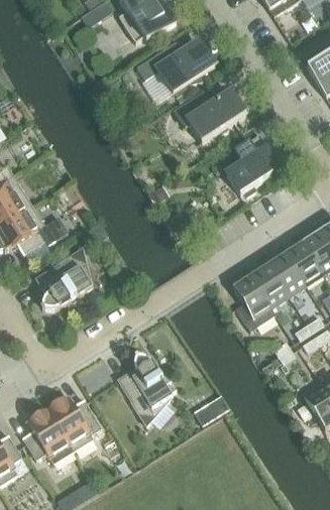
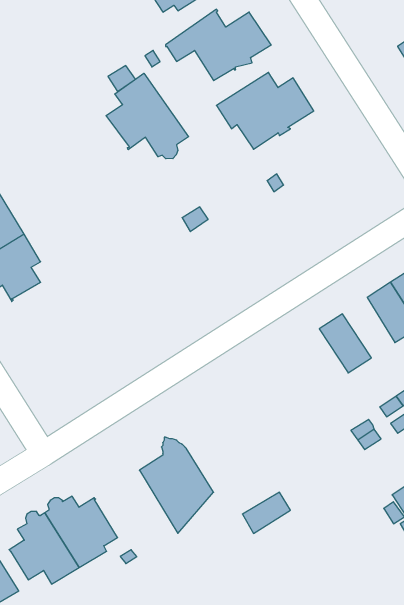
building: none -> [106,73,189,159]
building: [225,134,273,195] -> none
building: [34,247,91,307] -> none
building: [266,251,305,295] -> none
building: [231,274,276,330] -> none

